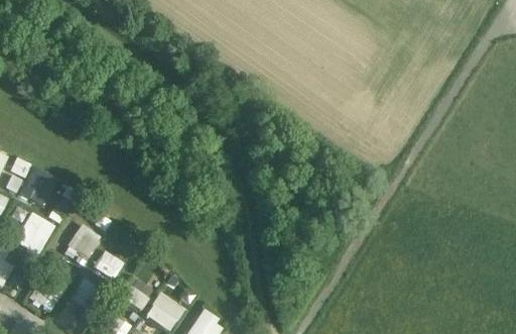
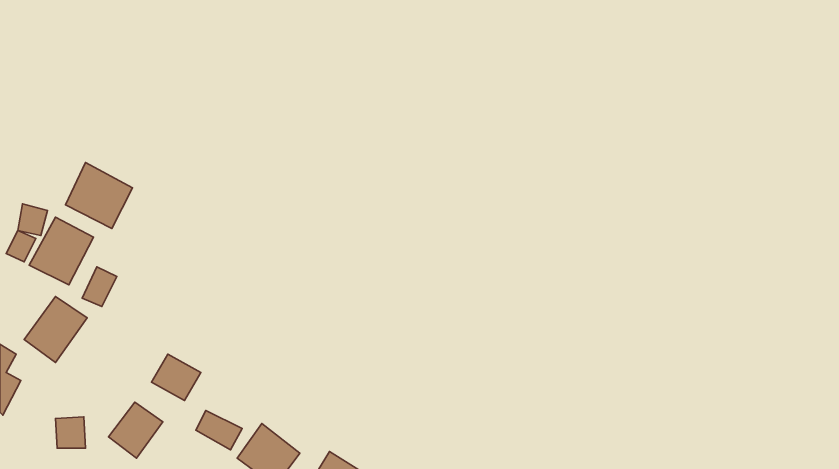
building: none -> [65,163,133,228]
building: [66,224,102,260] -> none

